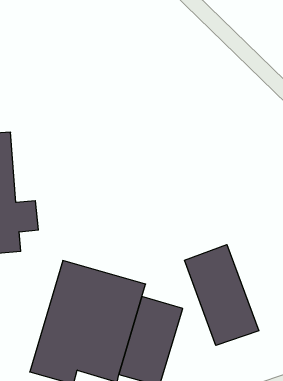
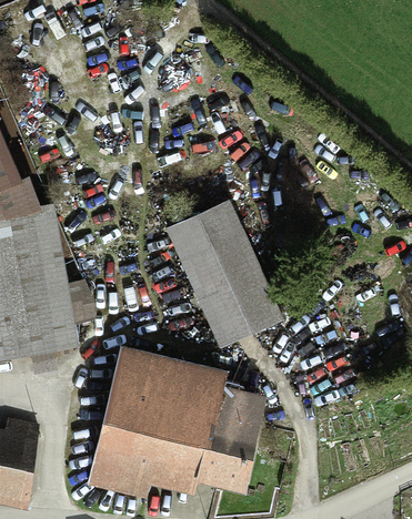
building: none -> [167,203,278,343]
building: [184,245,259,345] -> none

